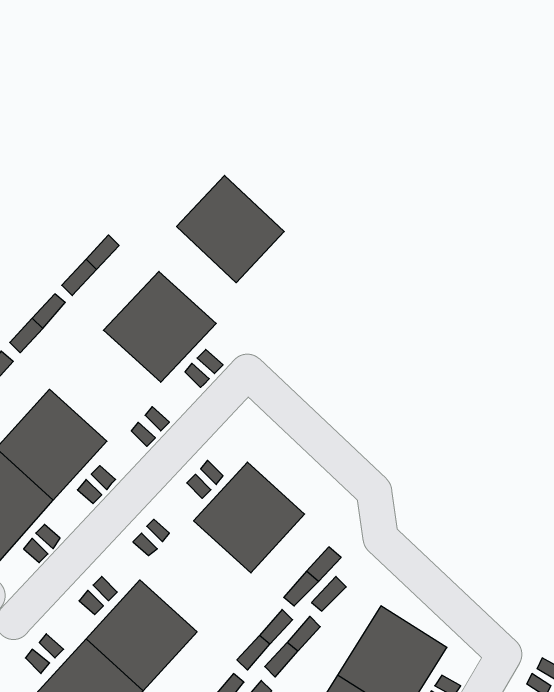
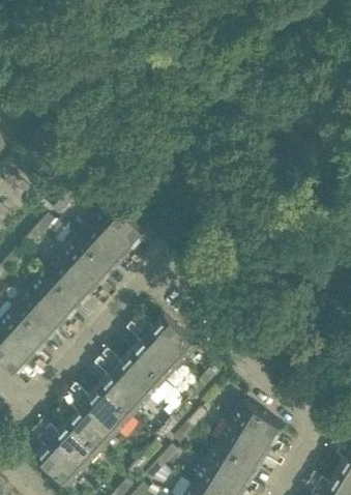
building: [177,175,284,283] -> none
building: none -> [43,237,110,303]
building: none -> [97,351,164,417]

